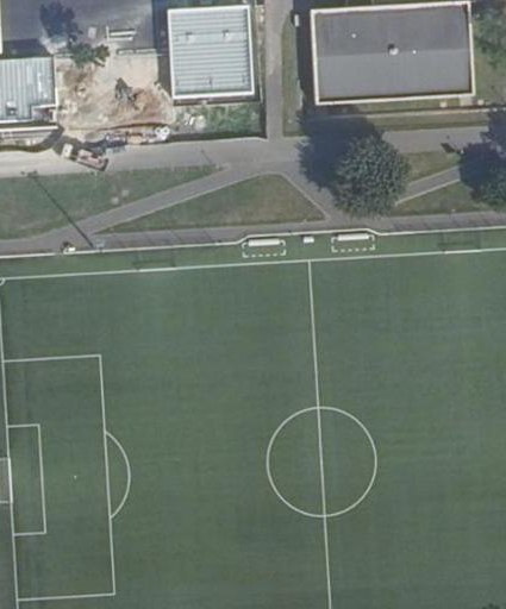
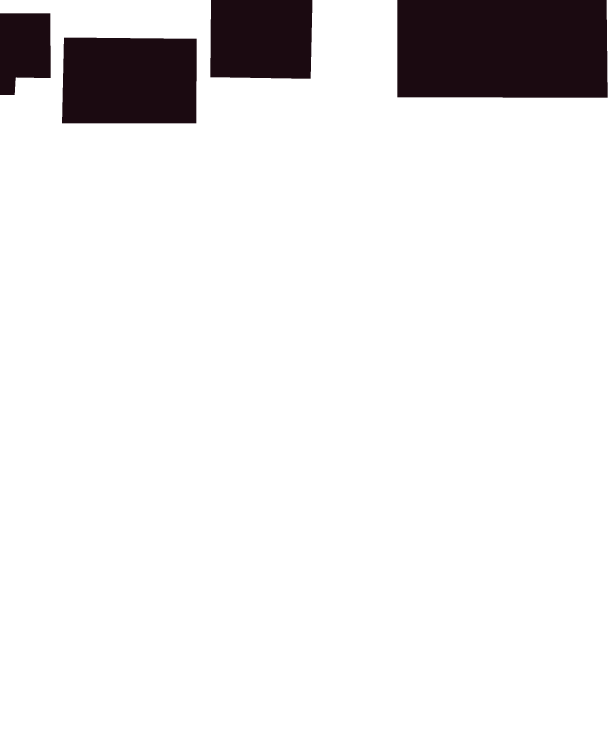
building: none -> [61,37,197,124]

